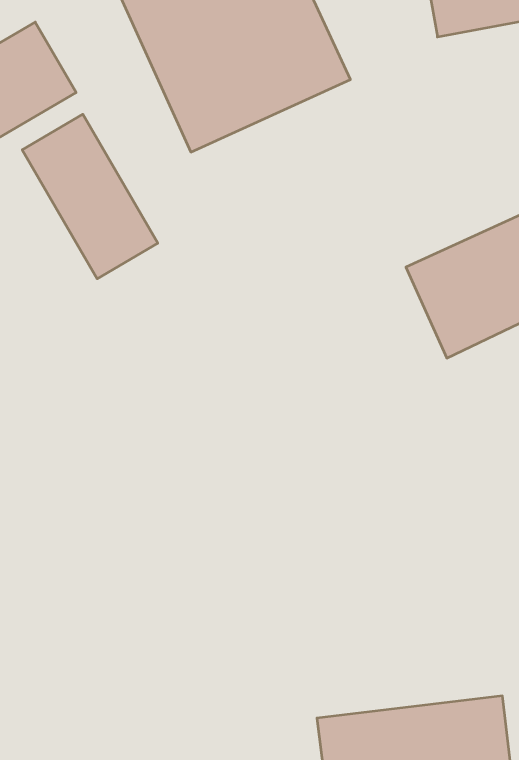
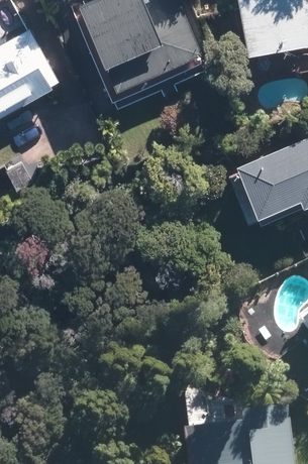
building: [22,114,158,279] -> none

